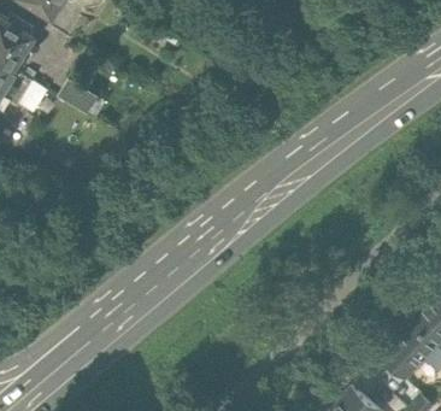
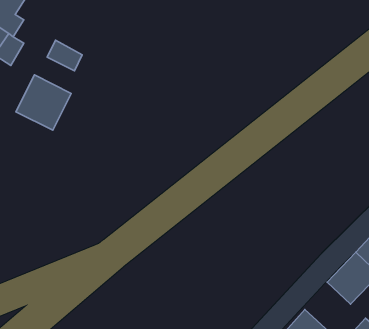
building: none -> [16,75,71,130]

